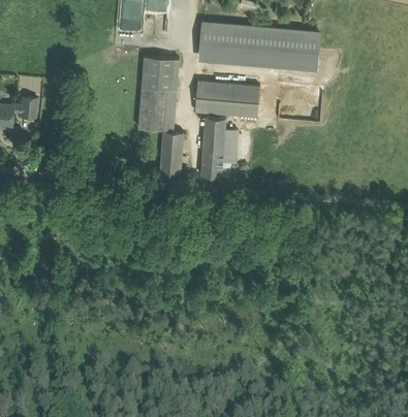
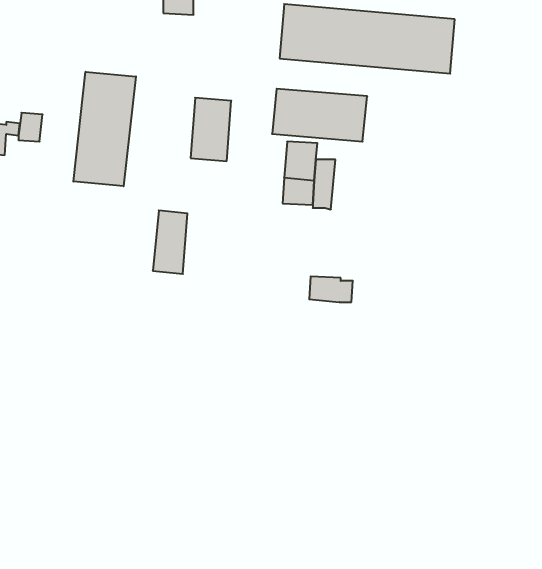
building: [142,57,179,91] -> none
building: none -> [73,72,136,186]
building: [159,131,183,174] -> [153,210,187,274]
building: [200,160,230,178] -> [309,276,353,302]

